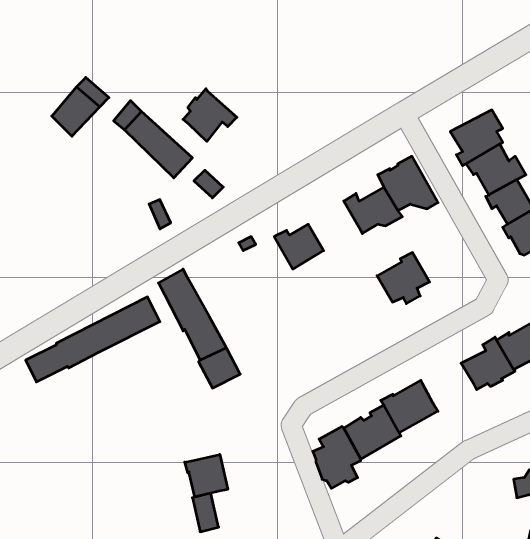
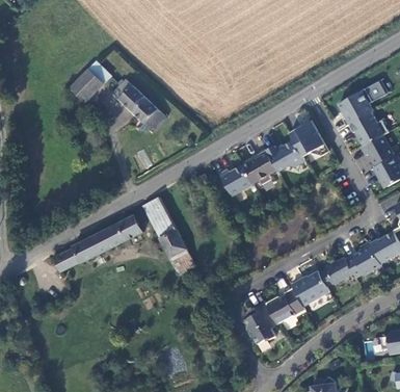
building: [183,89,237,141] -> none
building: [377,253,430,304] -> [242,150,277,184]
building: none -> [319,257,353,286]
building: [185,454,228,497] -> none

